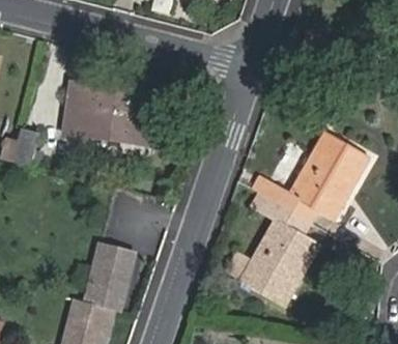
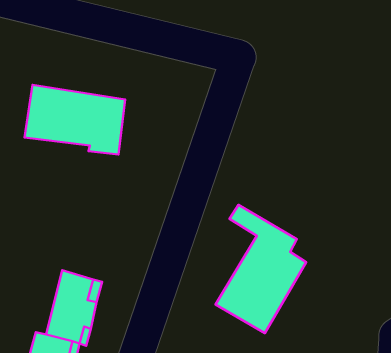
building: [252,131,369,221] -> none

